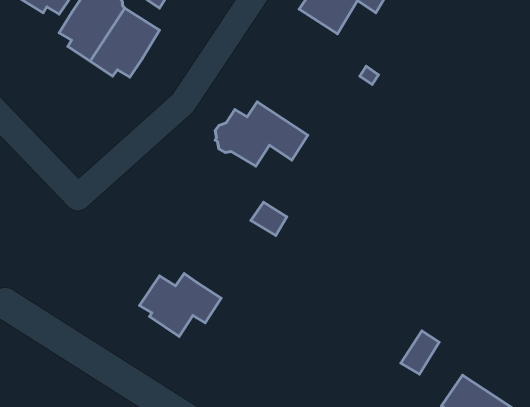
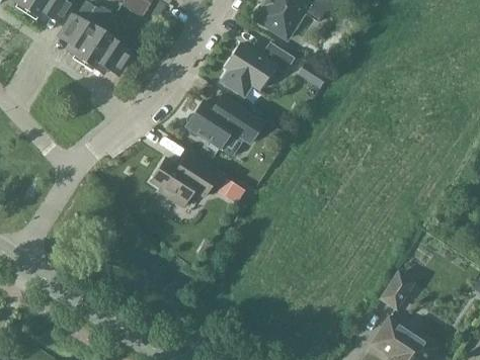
building: none -> [220,42,294,95]
building: [140,273,221,336] -> [150,156,217,207]
building: [401,331,439,374] -> [381,273,412,308]

